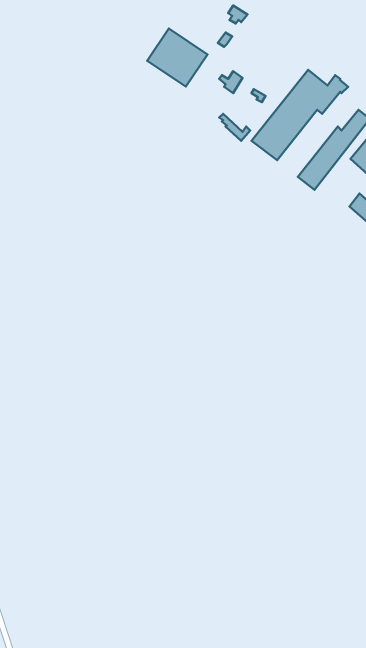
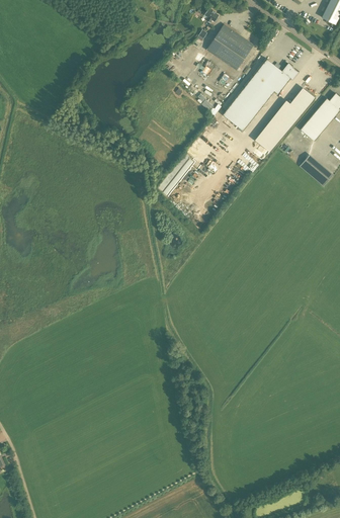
building: [147,29,208,87] -> [205,23,253,69]

